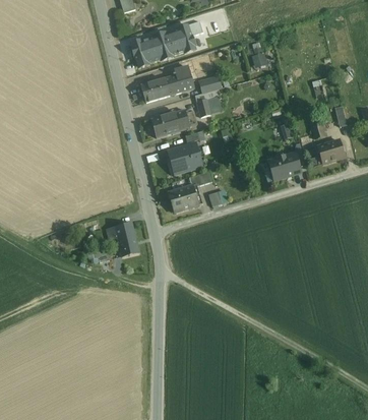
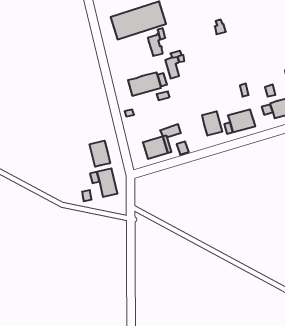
building: [141,72,182,102] -> none
building: [168,142,202,173] -> none
building: none -> [202,111,222,136]
building: none -> [90,141,110,167]

